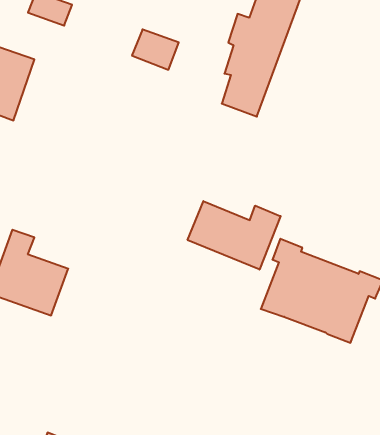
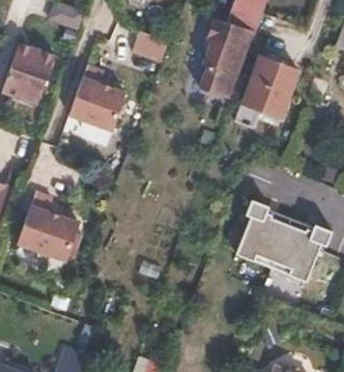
building: none -> [242,56,298,118]
building: none -> [69,65,126,131]
building: [188,201,281,270] -> none

